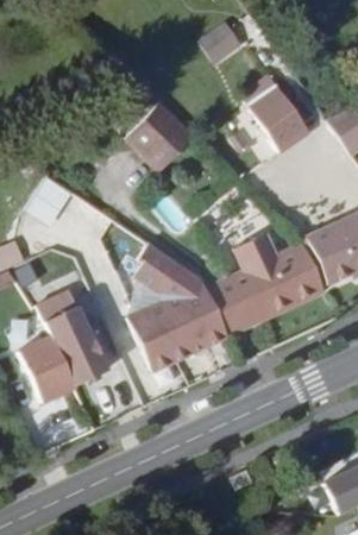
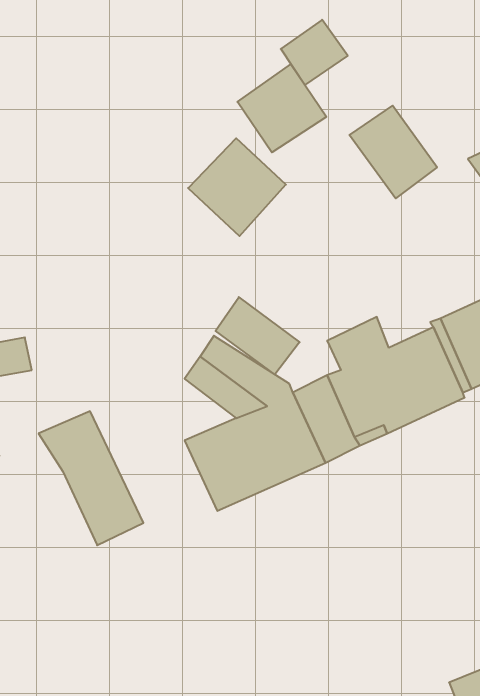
building: none -> [237,64,326,152]
building: none -> [216,297,300,375]
building: [15,336,71,402] -> none

